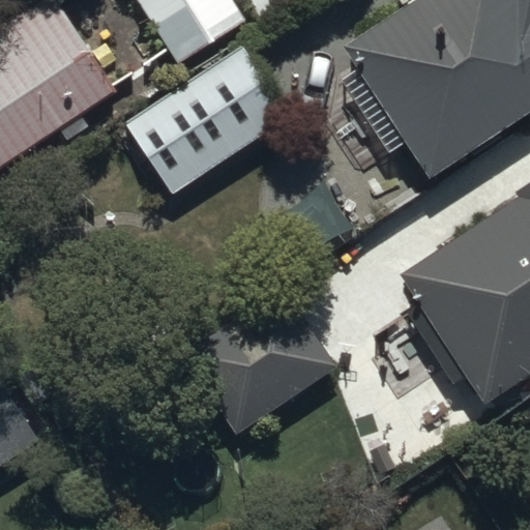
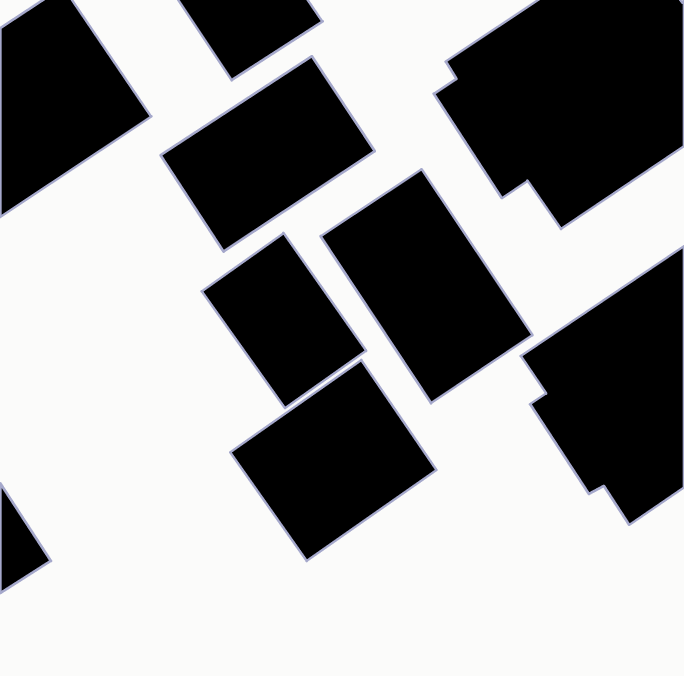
building: none -> [321,169,532,403]
building: none -> [202,233,366,408]

